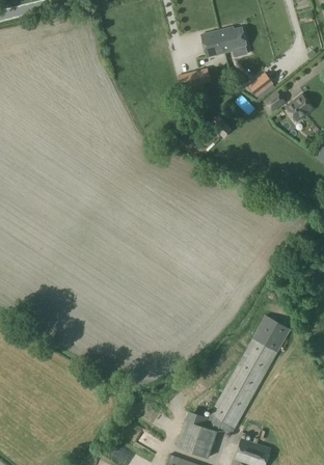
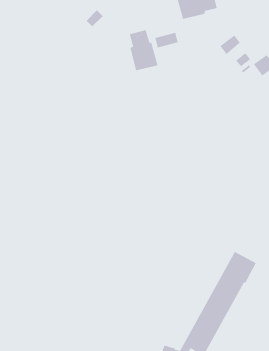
building: none -> [129,29,159,71]

